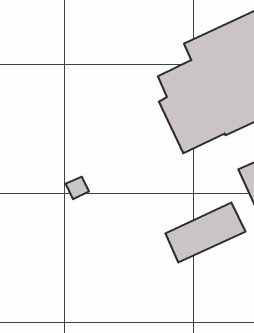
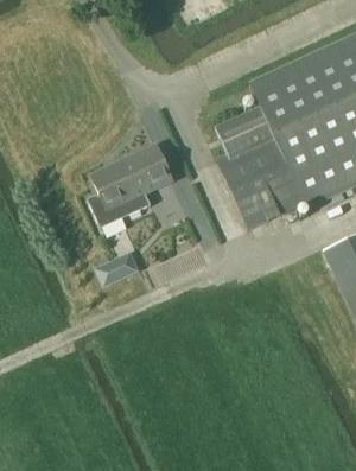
building: none -> [88,144,173,227]
building: [165,202,245,263] -> none

